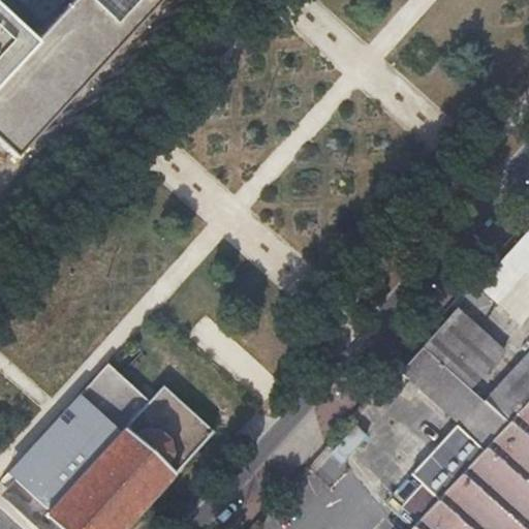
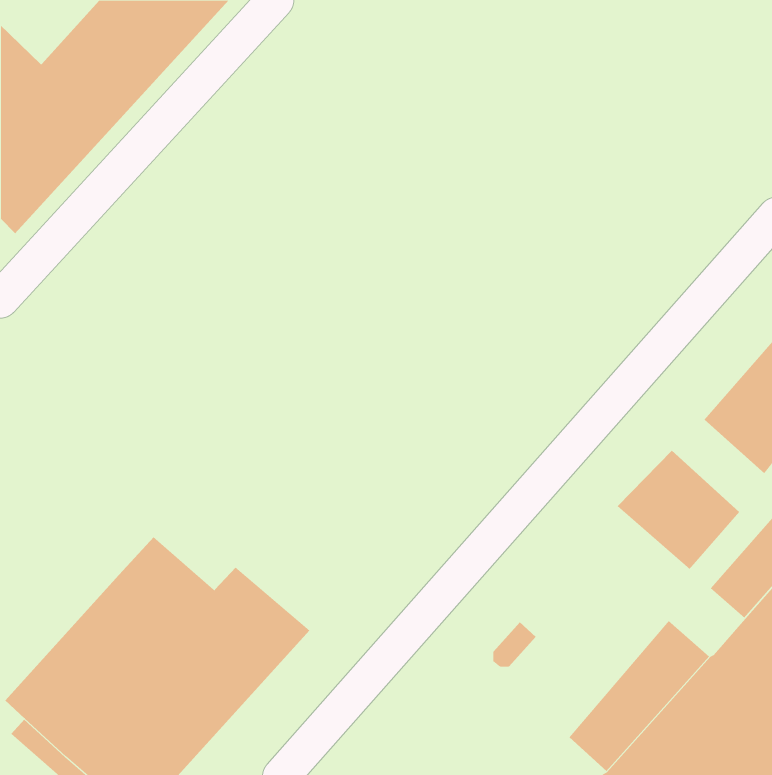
building: [402,345,509,446] -> none

